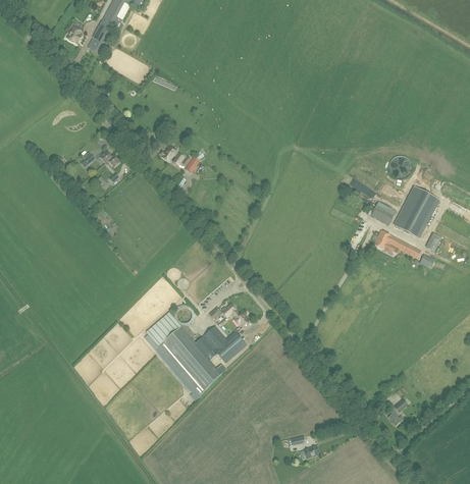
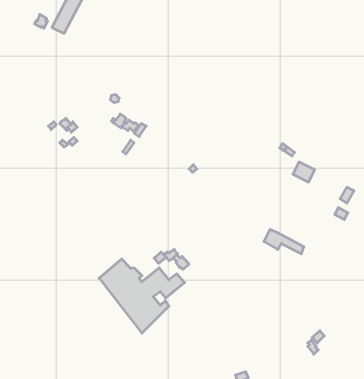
building: [394,186,438,237] -> none
building: [373,229,420,258] -> [264,229,304,254]

